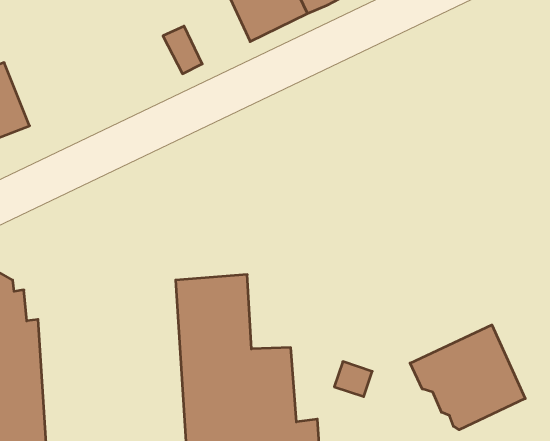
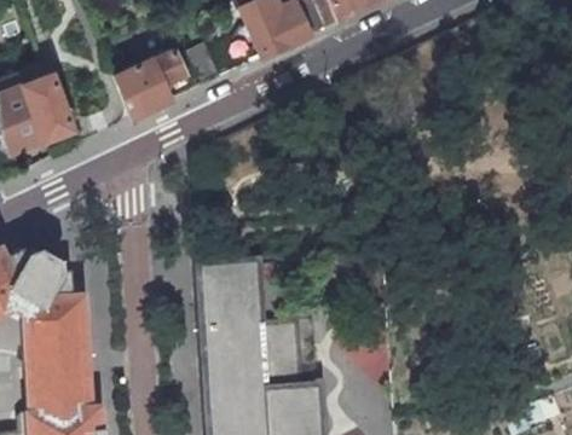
building: none -> [117,48,187,117]
building: [410,325,525,430] -> none

